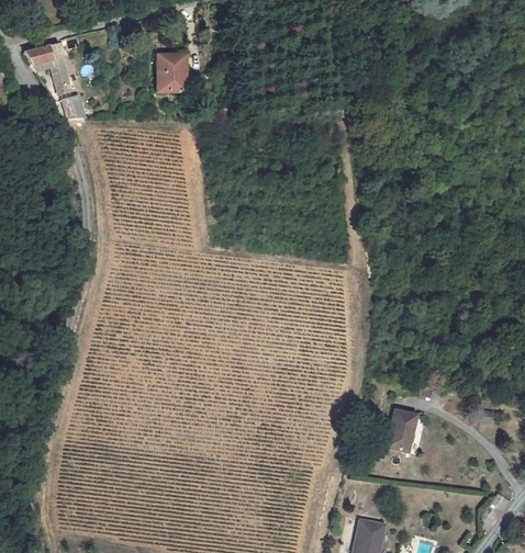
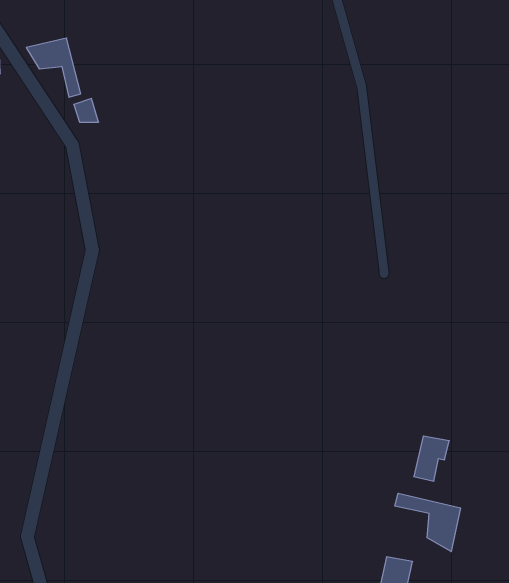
building: [153,55,187,93] -> none
building: none -> [395,493,461,552]

